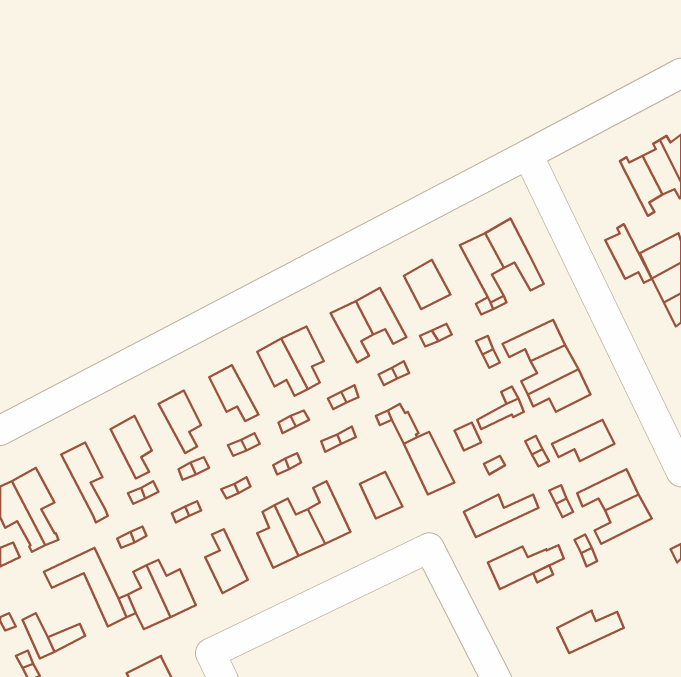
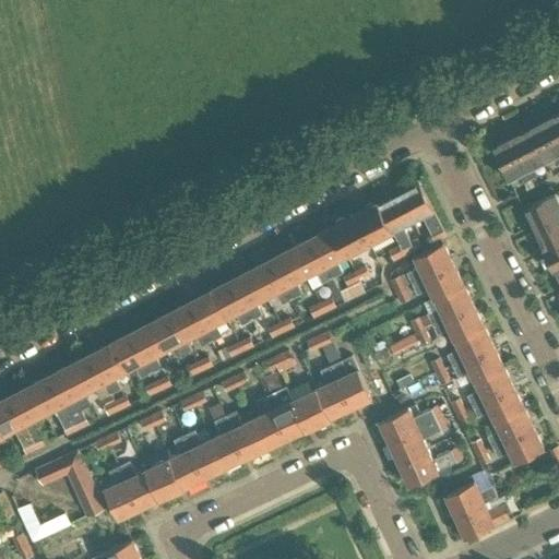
building: [605,224,652,283] -> [492,135,531,183]
building: none -> [354,204,392,245]
building: none -> [311,229,345,280]
building: none -> [407,245,453,285]
building: none -> [251,260,293,306]
building: none -> [190,292,225,343]
building: none -> [151,312,192,359]
building: none -> [448,326,493,367]
building: none -> [110,334,152,380]
building: none -> [70,355,111,401]
building: none -> [316,367,350,418]
building: none -> [467,367,513,407]
building: none -> [29,376,79,436]
building: none -> [267,392,308,439]
building: none -> [390,419,447,464]
building: none -> [492,428,544,463]
building: none -> [183,431,224,478]
building: none -> [147,460,182,499]
building: none -> [445,483,498,518]

